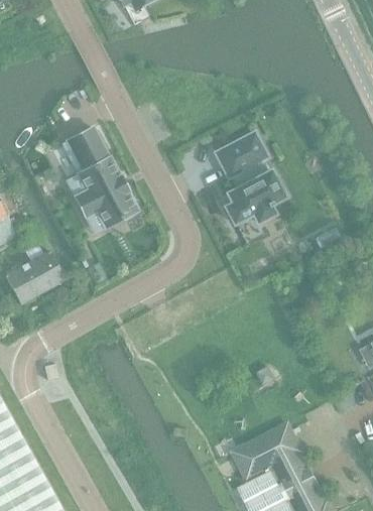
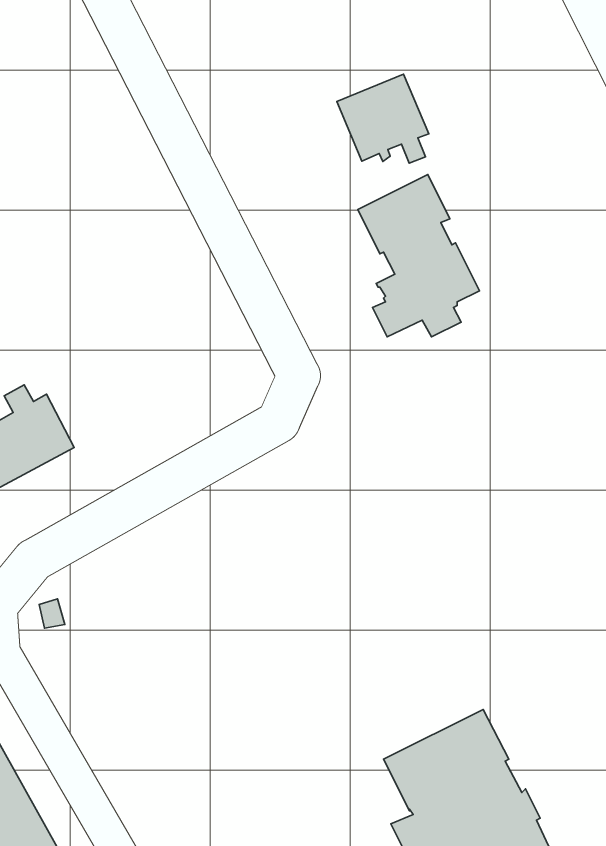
building: none -> [337,74,429,163]
building: [66,127,137,224] -> none

